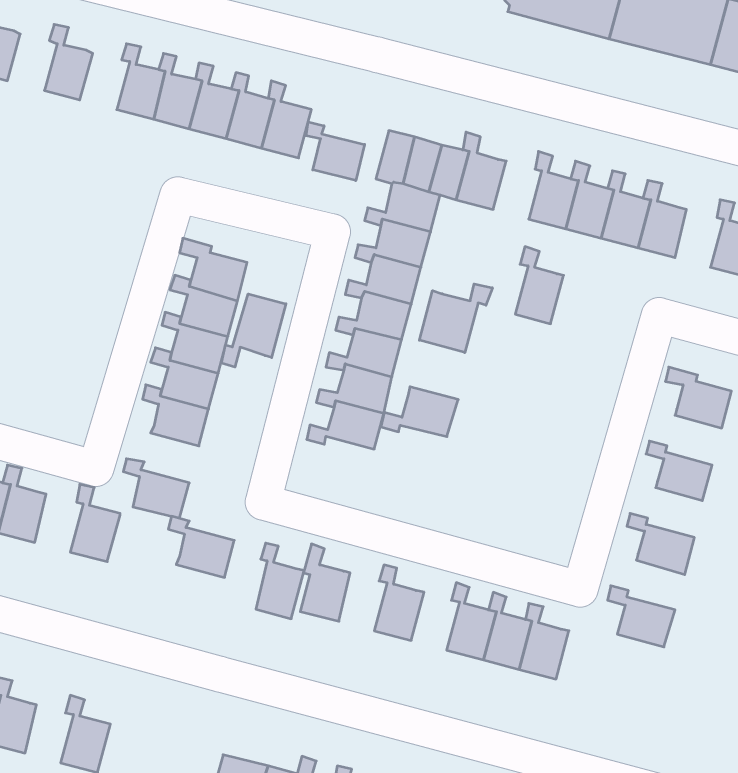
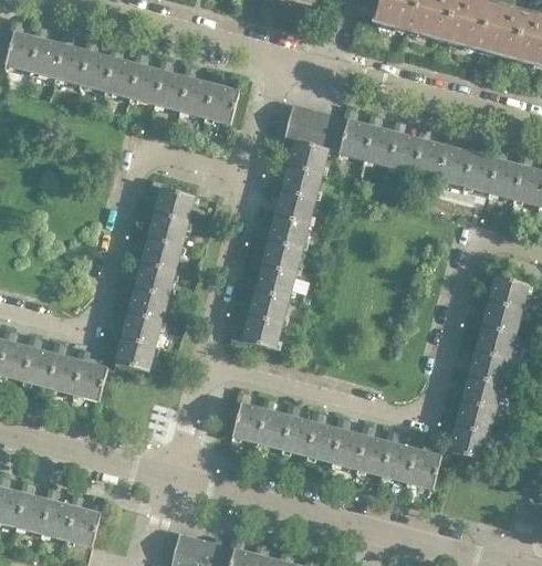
building: none -> [30,25,64,77]
building: none -> [80,39,114,91]
building: [306,122,365,181] -> none
building: none -> [489,146,522,199]
building: [515,247,564,324] -> [364,113,397,166]
building: [419,284,492,353] -> none
building: [221,294,286,367] -> none
building: [381,387,458,437] -> [229,315,282,349]
building: none -> [476,293,521,335]
building: none -> [49,342,82,395]
building: none -> [462,343,508,385]
building: [168,516,234,577] -> [116,305,161,347]
building: [256,543,304,619] -> [258,397,291,449]
building: none -> [449,394,496,434]
building: none -> [308,409,341,462]
building: none -> [407,437,441,489]
building: none -> [42,486,75,539]

